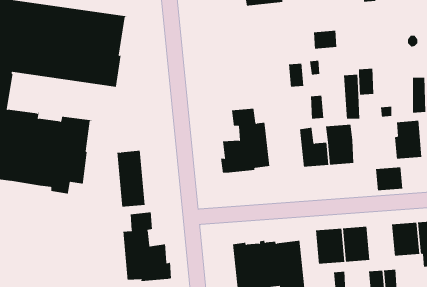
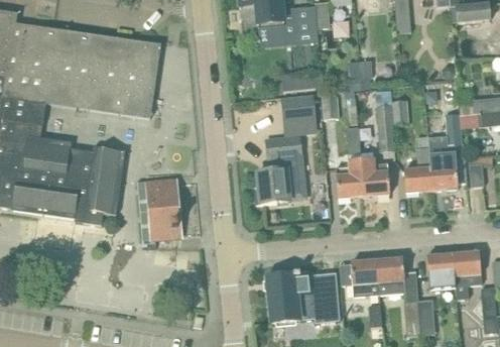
building: none -> [281,72,316,91]
building: none -> [282,97,314,132]
building: [375,167,403,191] -> [403,167,431,192]
building: [123,211,172,282] -> none

